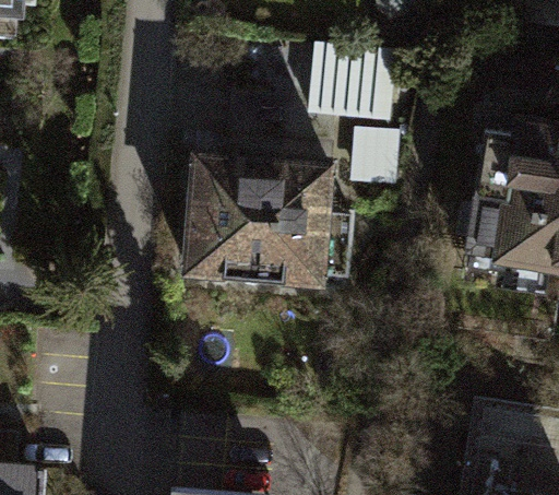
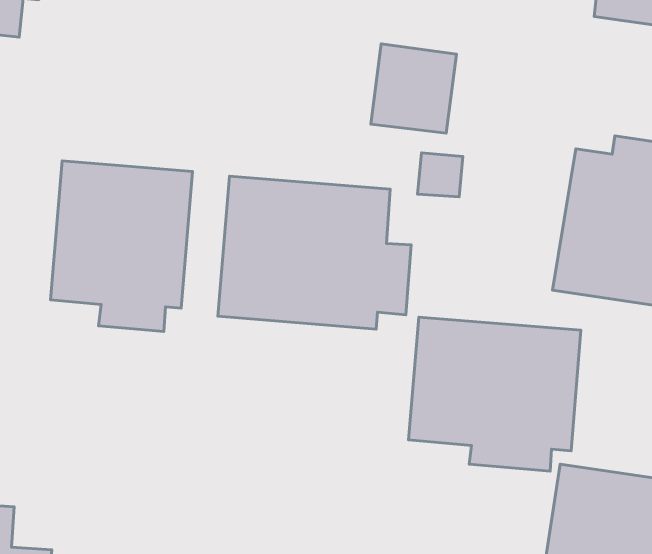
building: none -> [50,161,193,332]
building: none -> [409,317,581,471]

